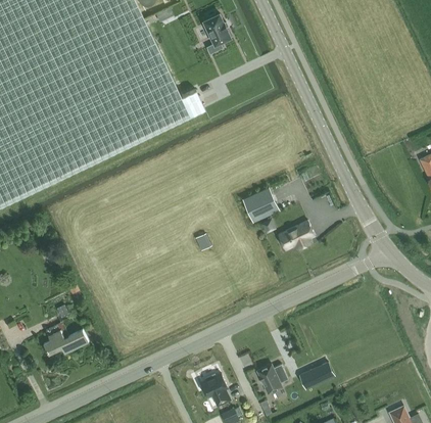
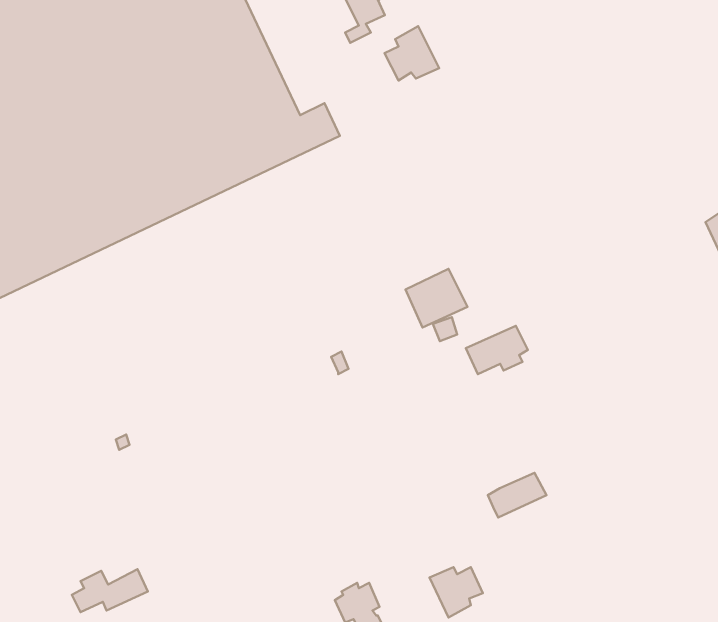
building: none -> [385,26,439,80]
building: [43,329,88,355] -> [72,569,148,612]
building: [299,362,334,388] -> [488,473,546,518]

